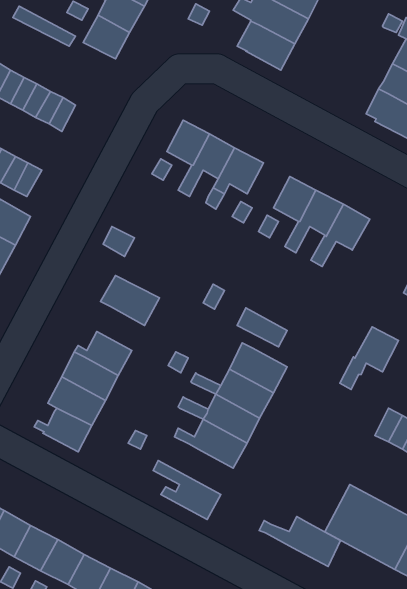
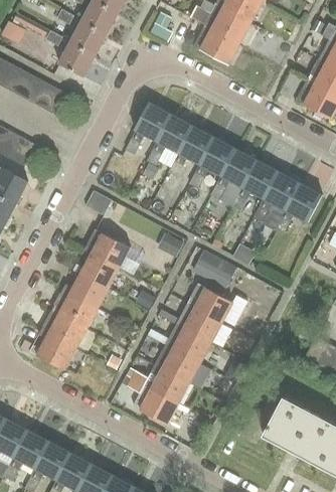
building: none -> [58,42,96,77]
building: none -> [201,139,235,175]
building: none -> [73,255,119,290]
building: [340,327,399,389] -> [274,184,321,234]
building: [259,517,341,567] -> [125,365,190,405]

